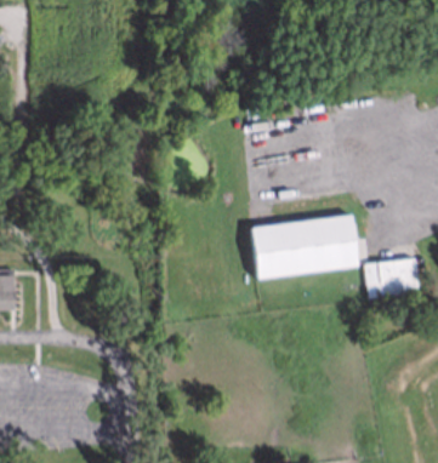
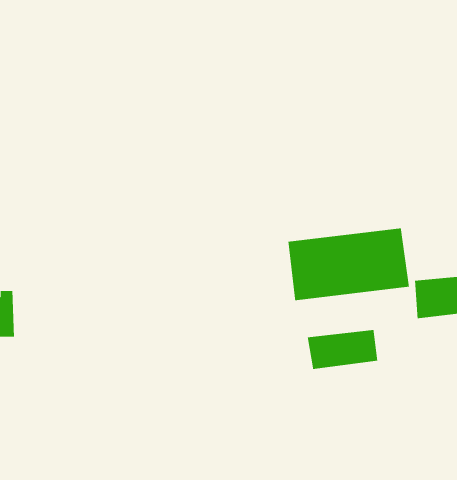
building: none -> [307,329,378,370]

